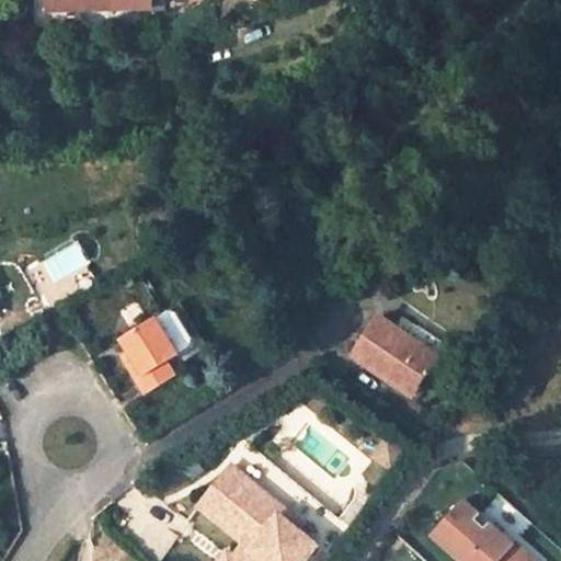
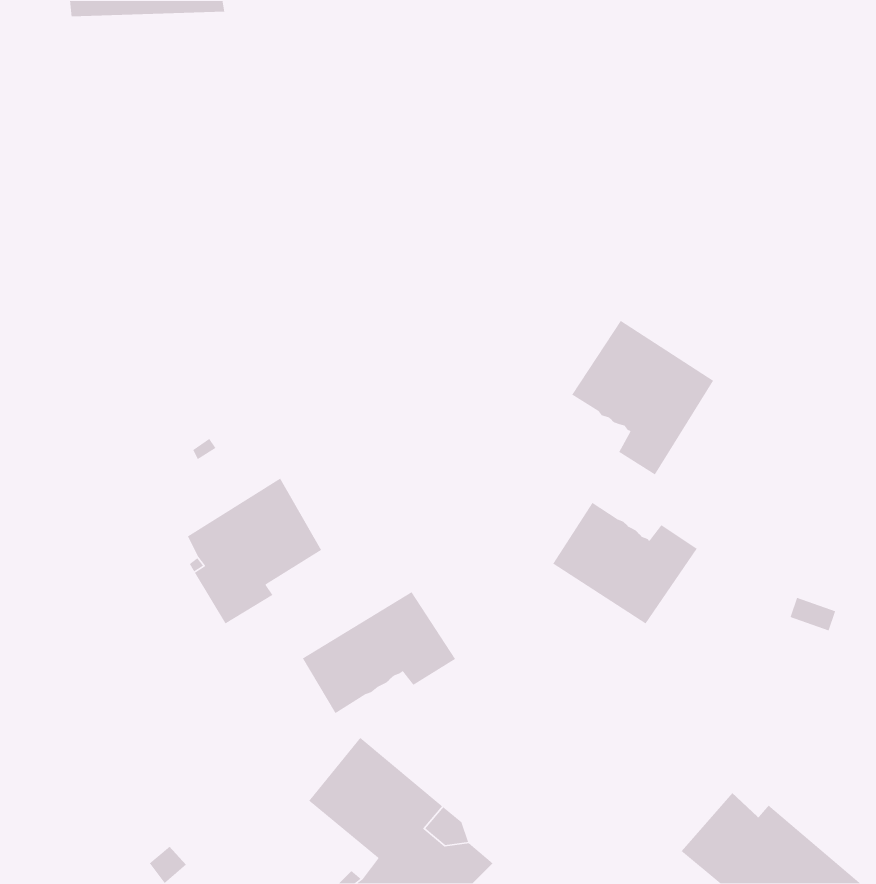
building: none -> [571,320,714,476]
building: none -> [302,591,456,714]

